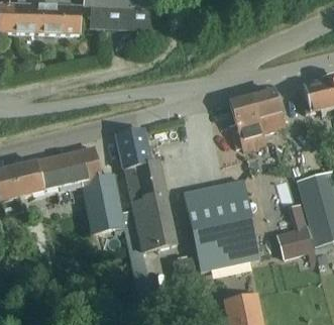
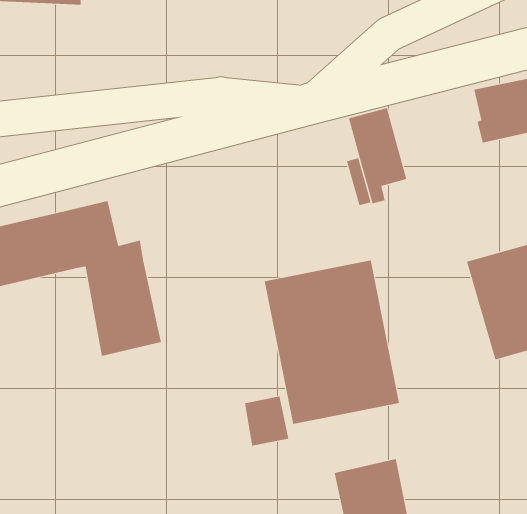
building: [252,87,285,133] -> none
building: [115,128,178,252] -> none
building: [276,201,317,262] -> none

